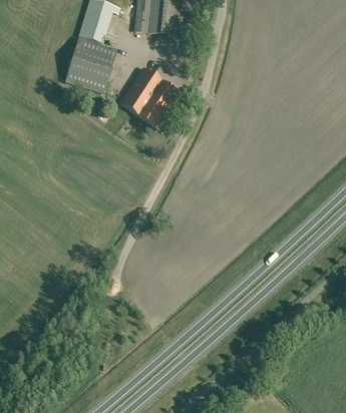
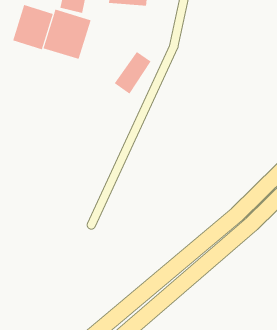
building: none -> [13,4,53,50]
building: [118,64,164,114] -> none

